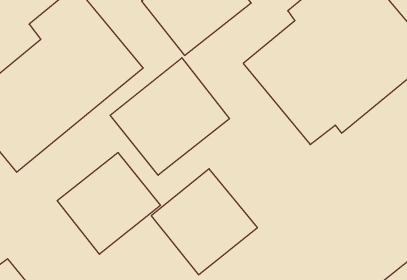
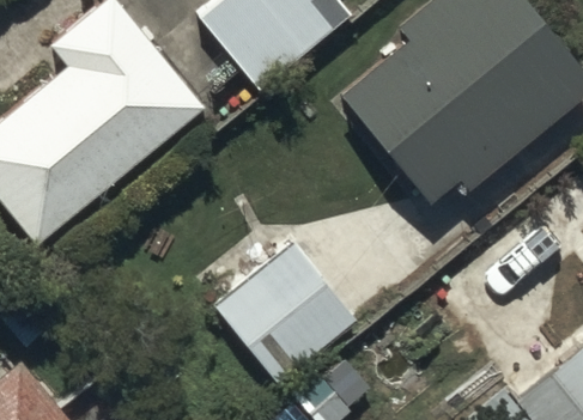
building: [110,58,230,175] -> none
building: [57,153,160,254] -> none

